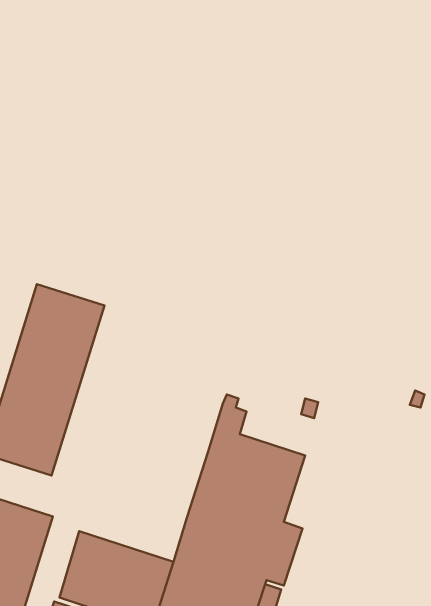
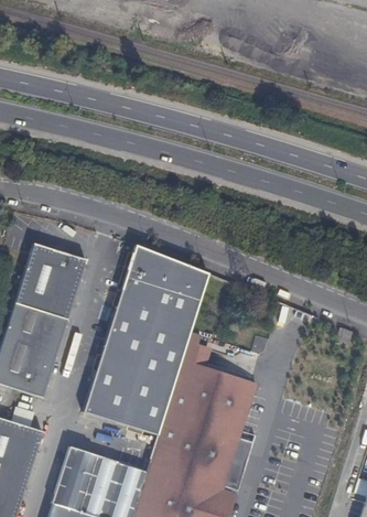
building: none -> [82,245,209,435]

